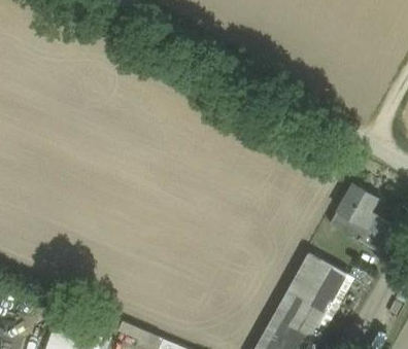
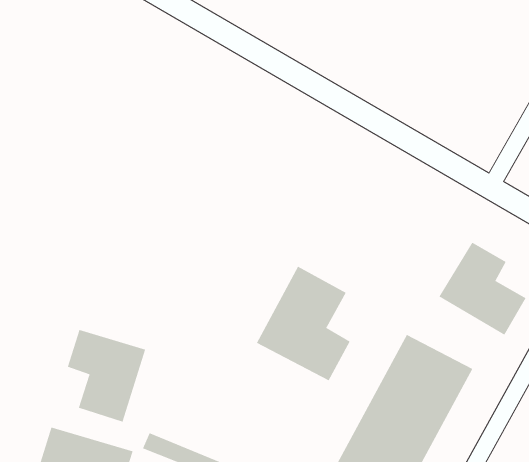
building: none -> [256,266,351,381]
building: none -> [67,329,146,423]

